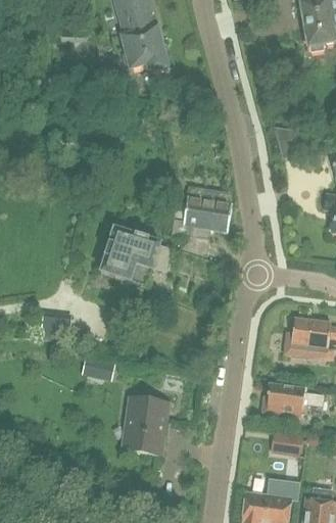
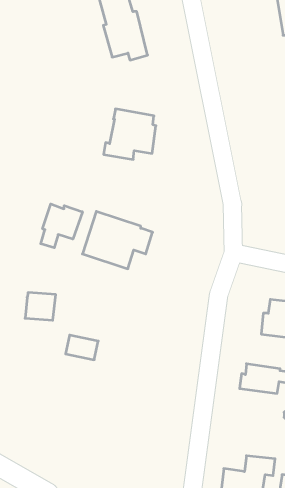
building: [177,186,231,238] -> [104,109,156,159]
building: none -> [41,204,82,248]
building: [124,395,167,454] -> none
building: [271,430,302,456] -> none

